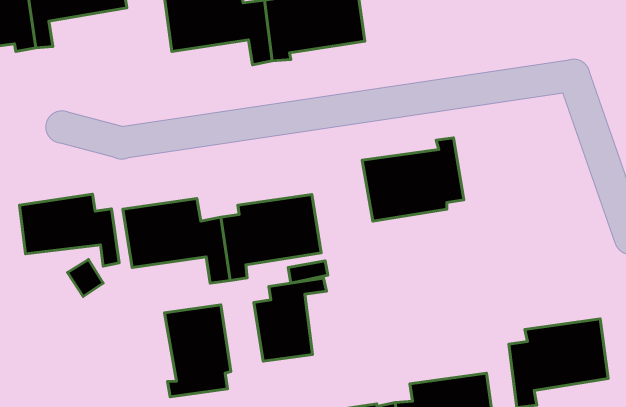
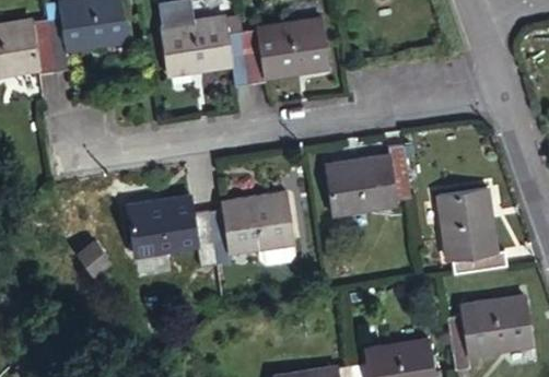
building: none -> [437,189,507,275]
building: [20,194,119,266] -> none
building: [254,278,327,361] -> none
building: [164,305,231,397] -> none

